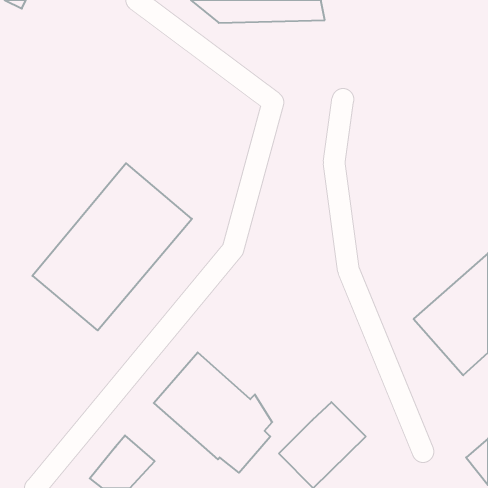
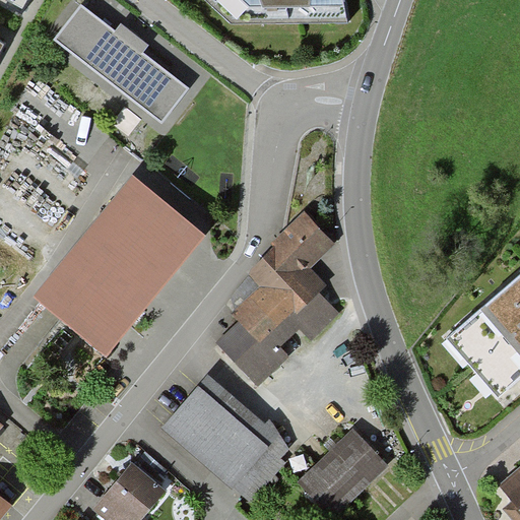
building: none -> [54,5,188,123]
building: none -> [216,212,336,386]

